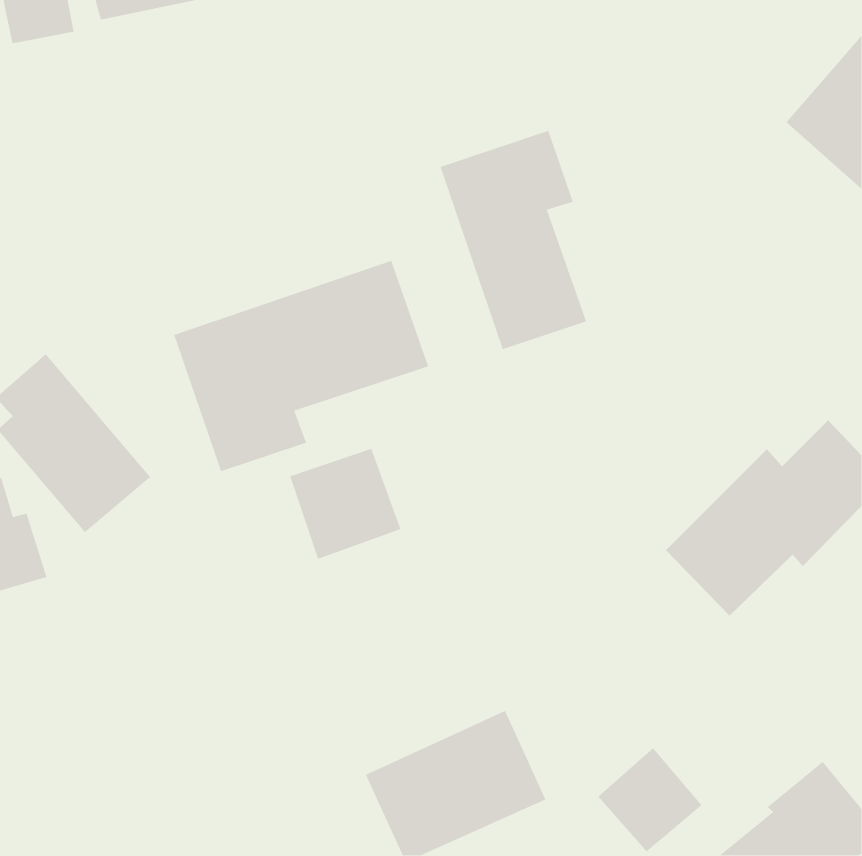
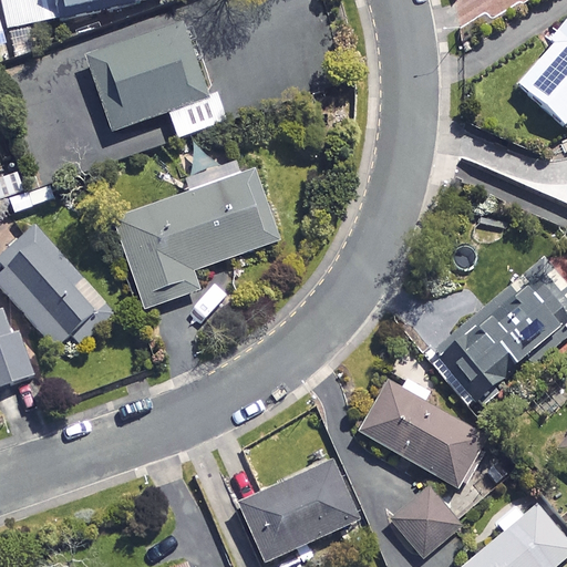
building: none -> [86,24,227,137]
building: [440,130,587,350] -> none
building: [289,448,401,560] -> none
building: none -> [362,377,483,485]

